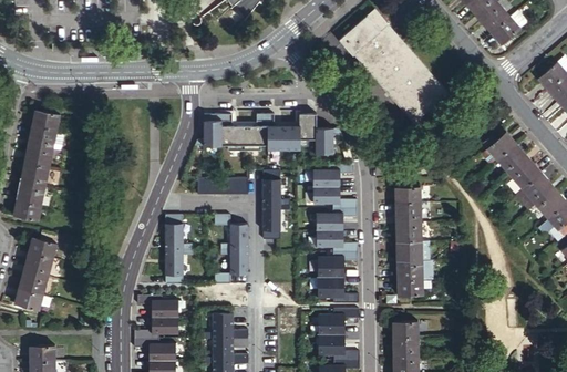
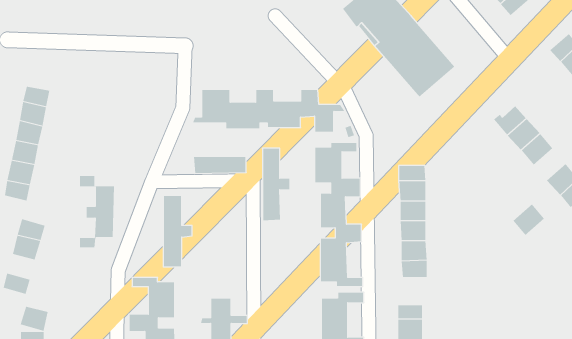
building: [523,170,554,202] -> [513,204,545,236]
building: [214,215,248,285] -> [79,175,115,248]
building: [17,272,44,297] -> [20,306,49,331]

